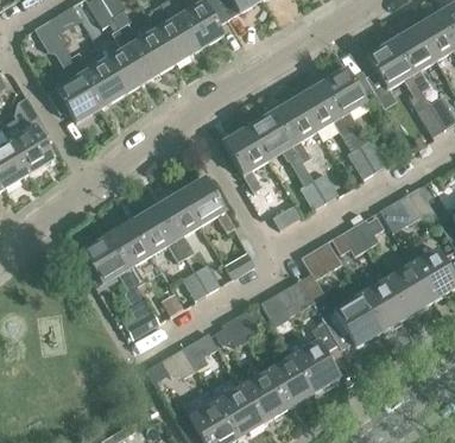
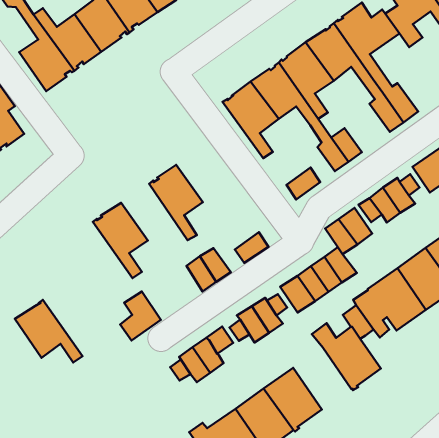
building: [181,177,235,233] -> none
building: [132,207,185,261] -> none
building: [82,235,137,290] -> [15,300,82,363]
building: [266,355,314,409] -> none

